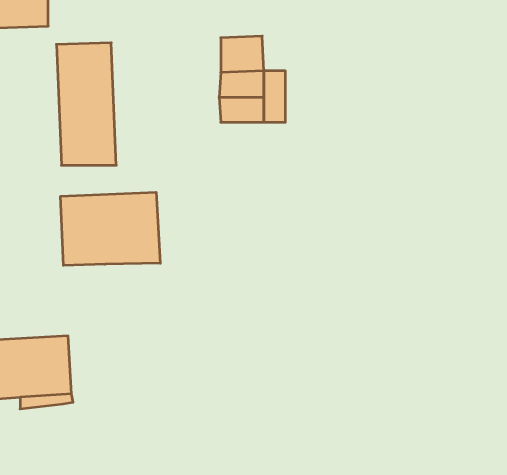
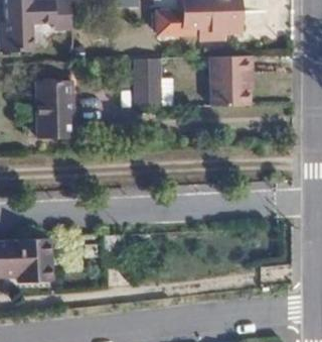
building: none -> [217,52,256,100]
building: [61,192,160,265] -> none

